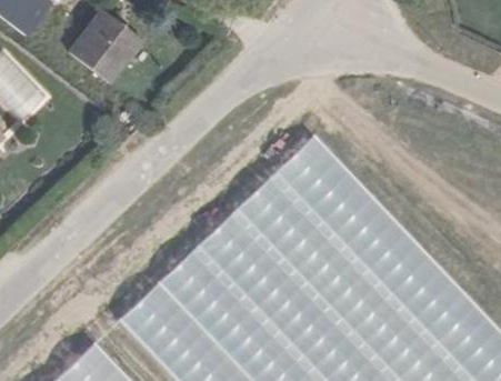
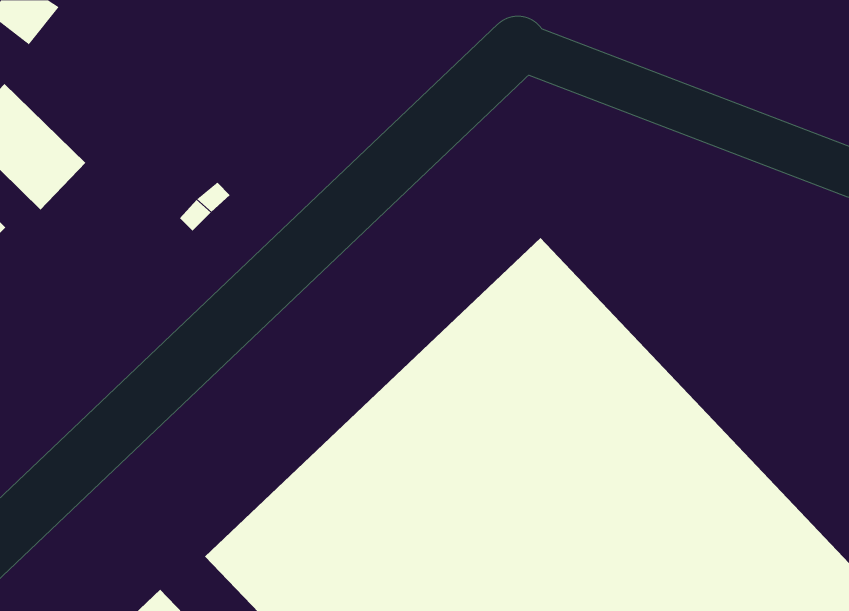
building: [68,9,140,82] -> none

